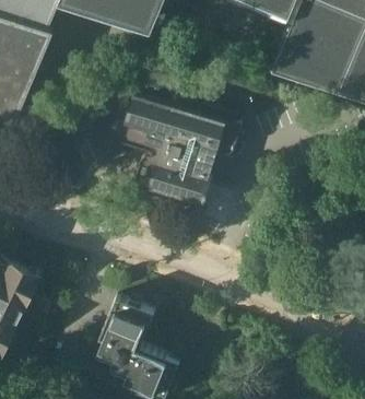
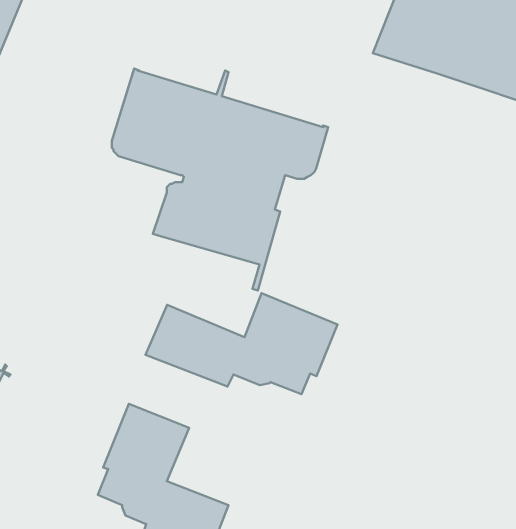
building: none -> [146,293,337,394]

